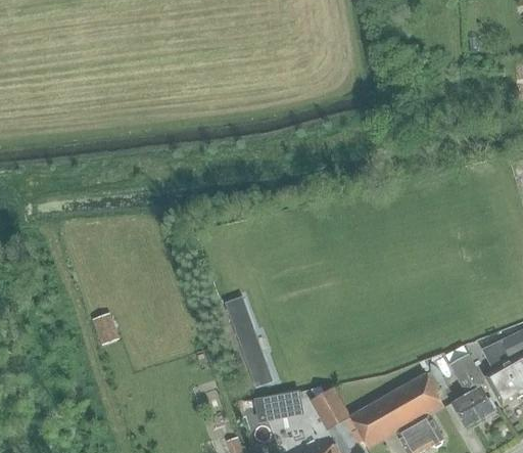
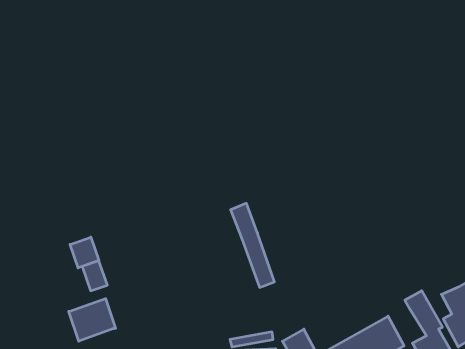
building: none -> [70,237,99,268]
building: [224,296,272,388] -> [231,203,274,287]
building: none -> [69,299,116,341]

